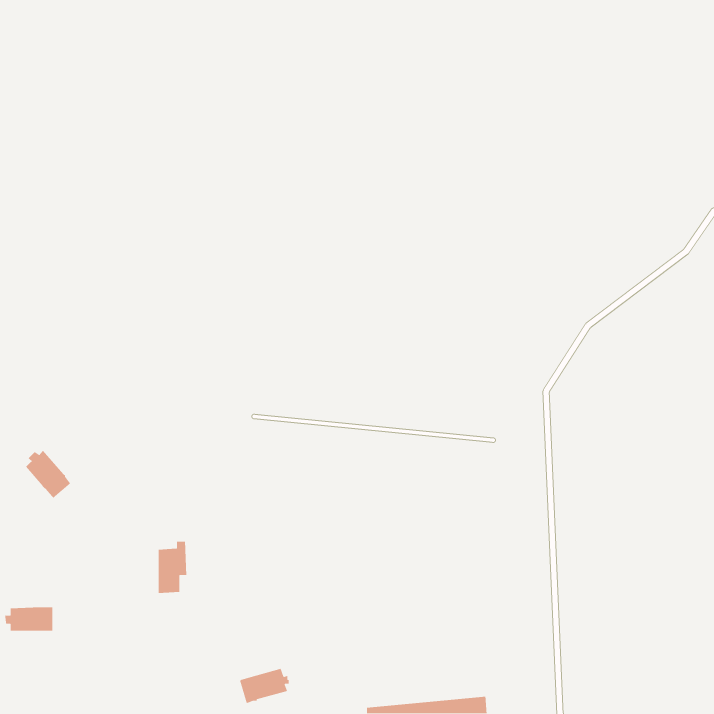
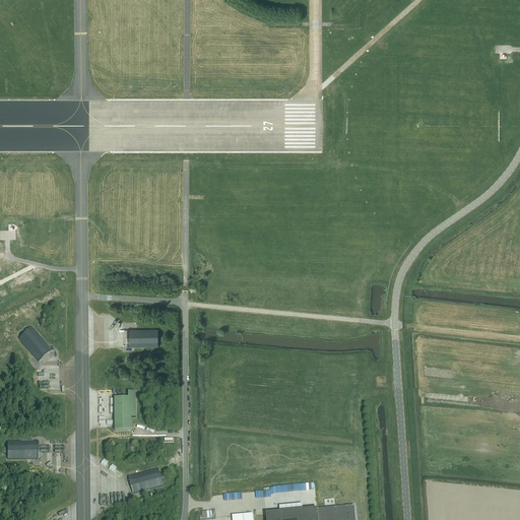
building: none -> [127,329,161,348]
building: [239,668,290,704] -> [128,468,165,495]

